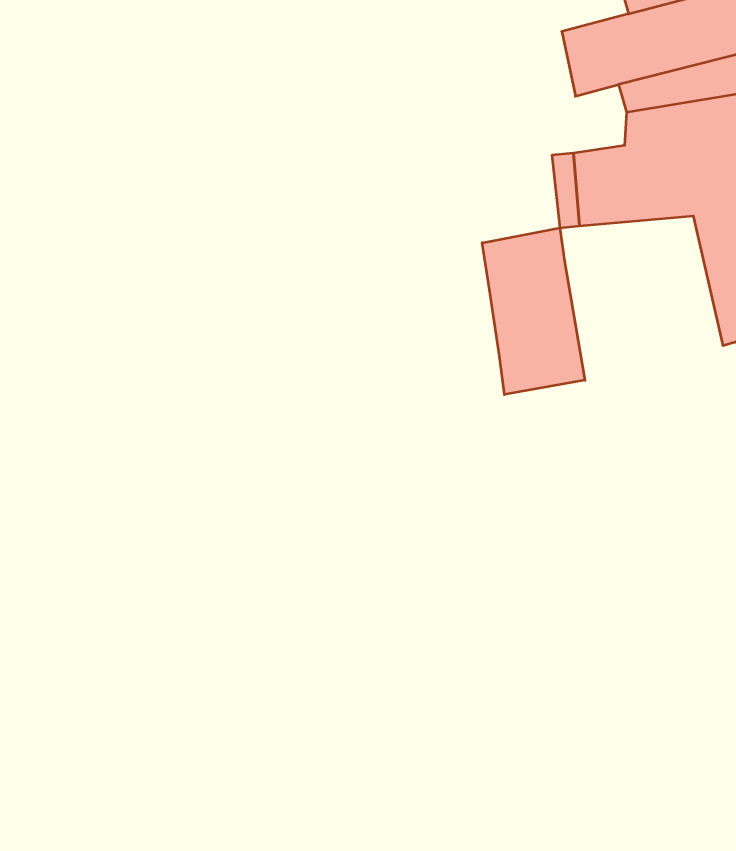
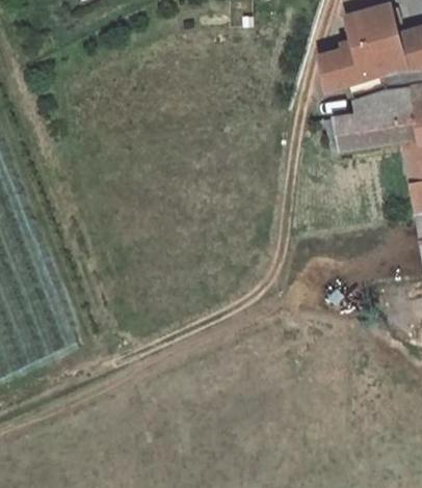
building: [482,228,585,395] -> none

